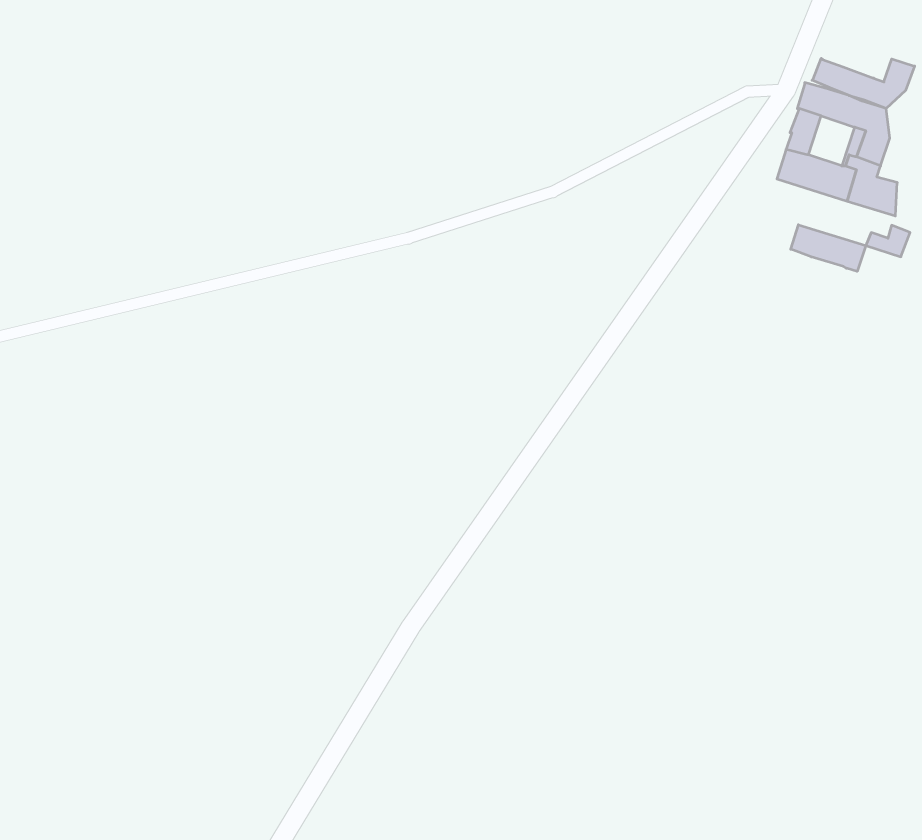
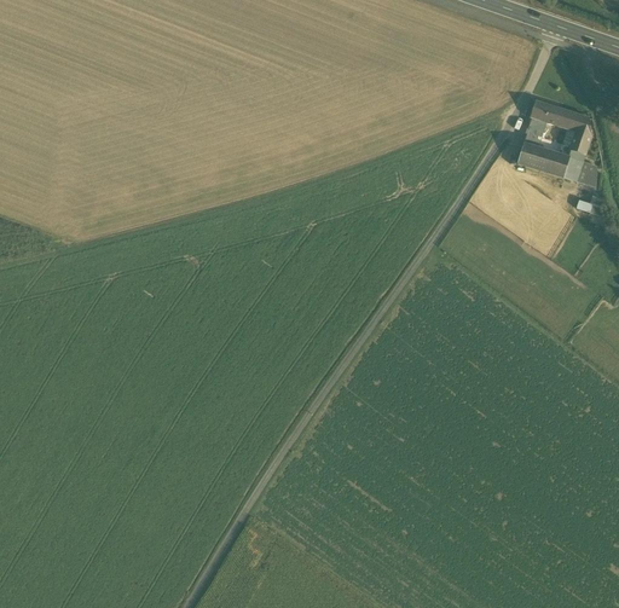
building: [812,58,915,109] -> none
building: [791,225,866,271] -> none

